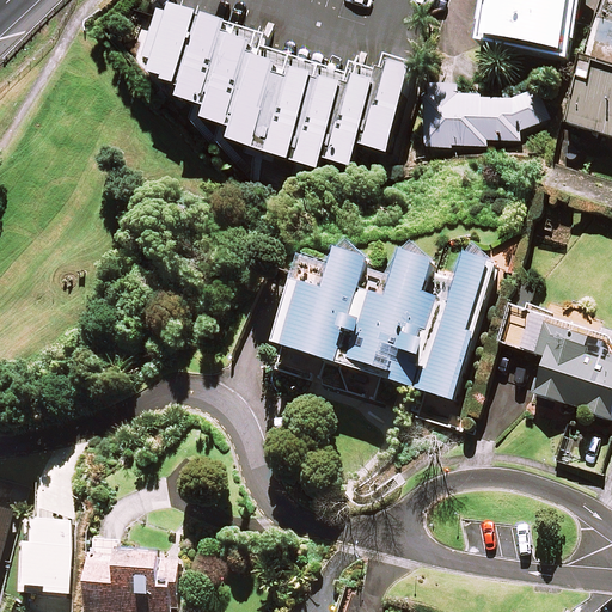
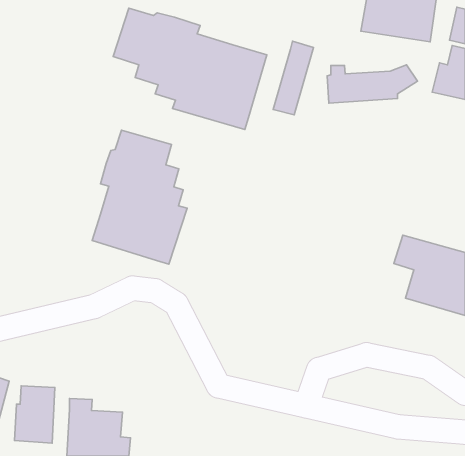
building: [325,56,380,163] -> none
building: none -> [92,130,187,264]
building: [269,252,495,399] -> none

